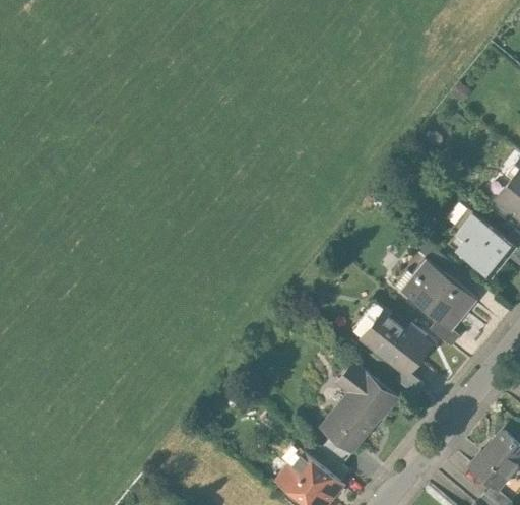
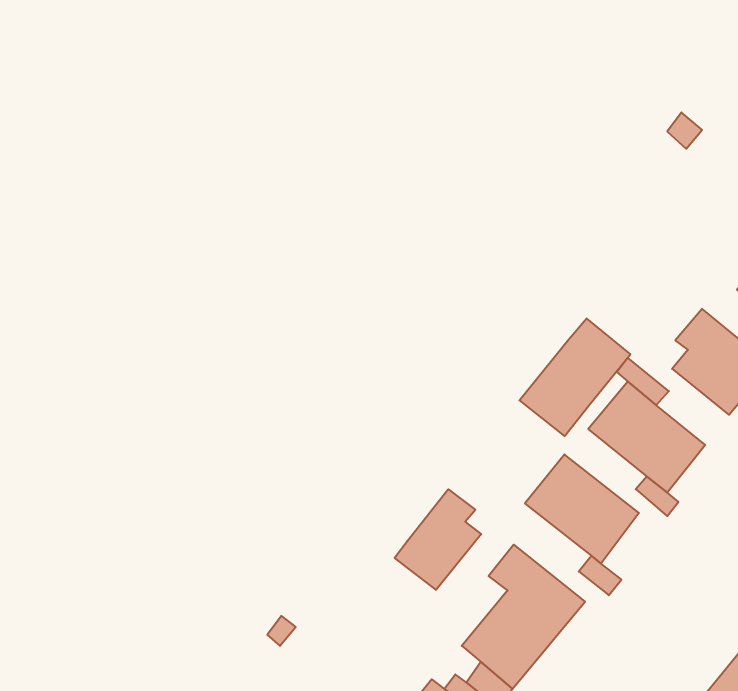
building: none -> [519,318,630,436]
building: none -> [395,489,481,590]

